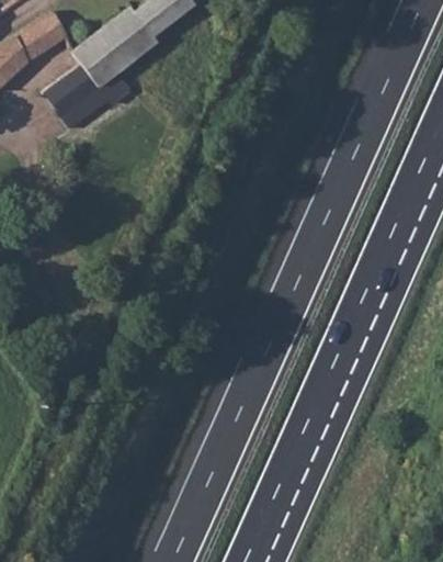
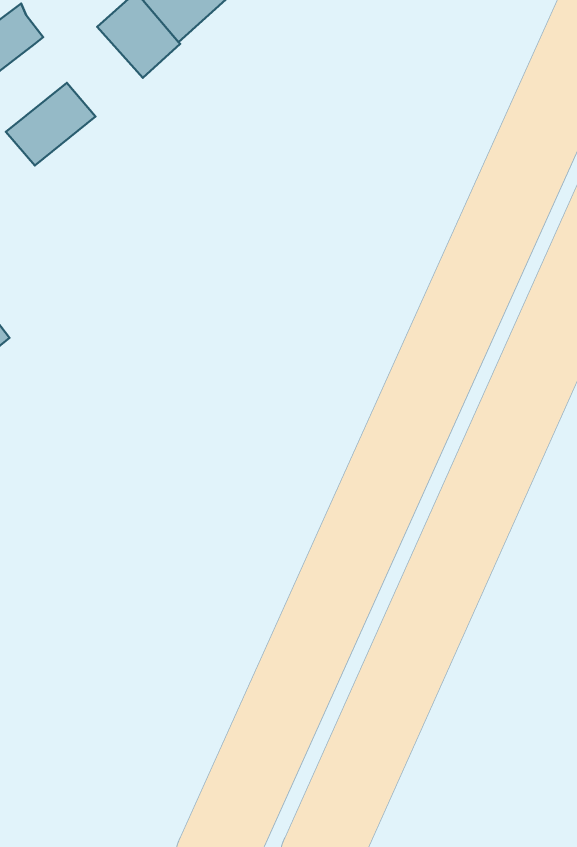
building: [76,24,134,82] -> none

